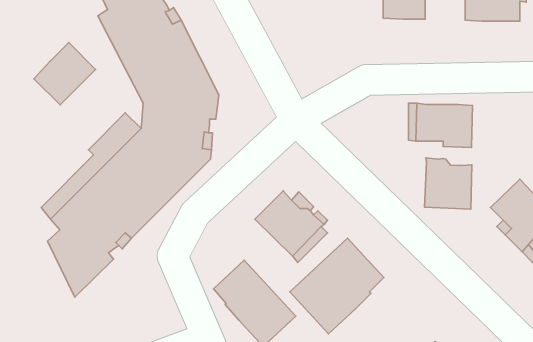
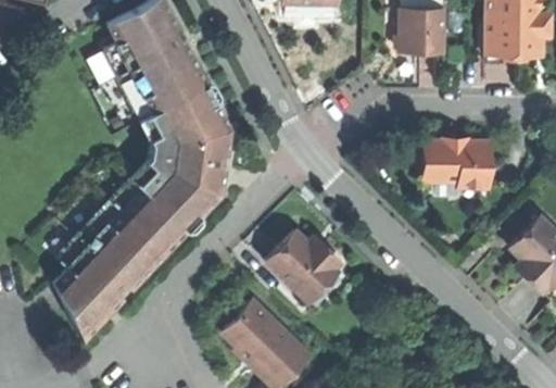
building: [34,43,96,105] -> none
building: [424,158,472,209] -> none
building: [290,238,384,334] -> none

